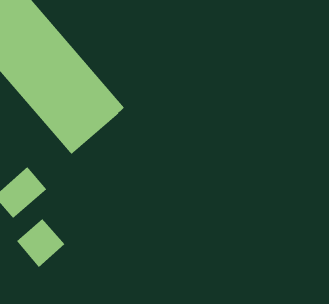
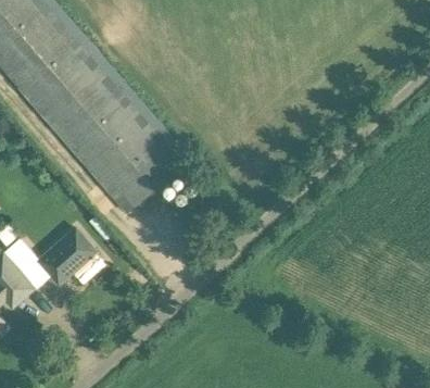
building: [16,218,65,268] -> none

